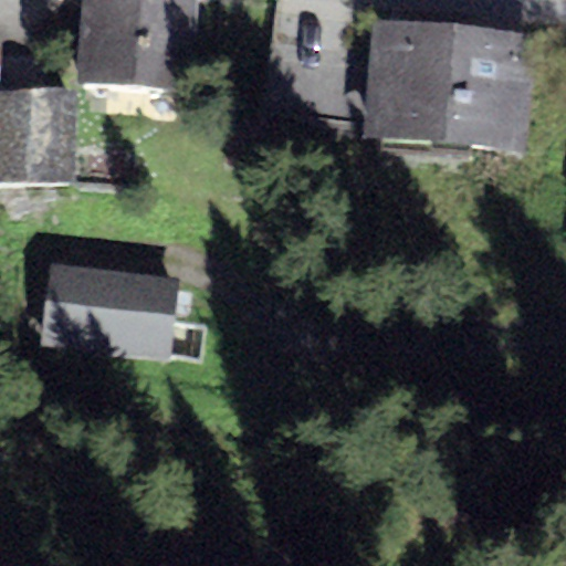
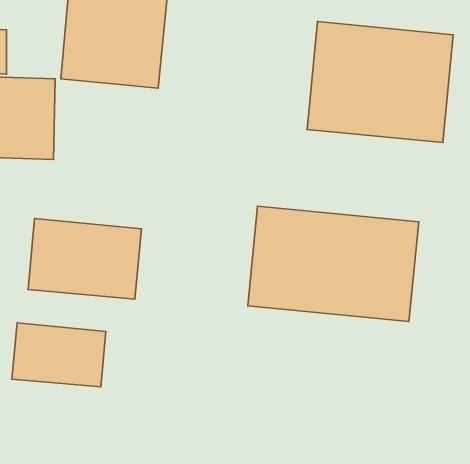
building: none -> [248,206,419,321]
building: none -> [12,323,106,387]

